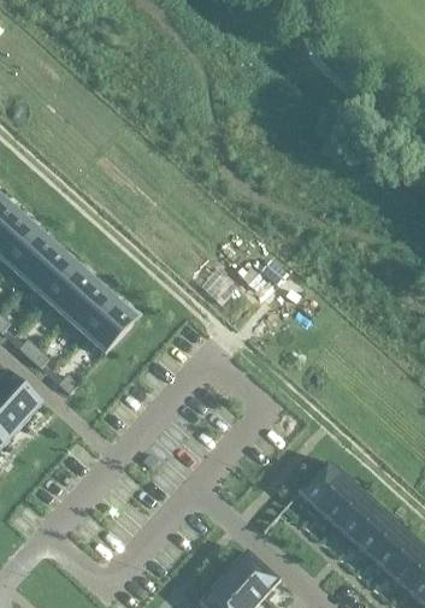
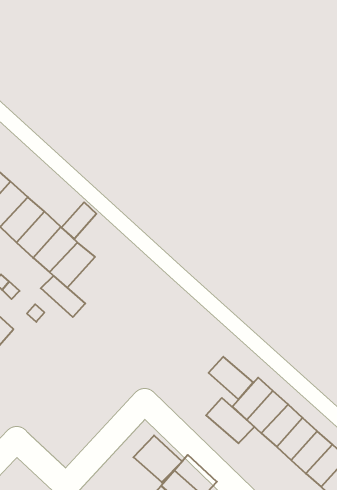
building: none -> [61,202,96,239]
building: none -> [41,276,85,317]
building: none -> [209,357,253,400]
building: none -> [206,398,254,443]
building: none -> [133,435,182,482]

